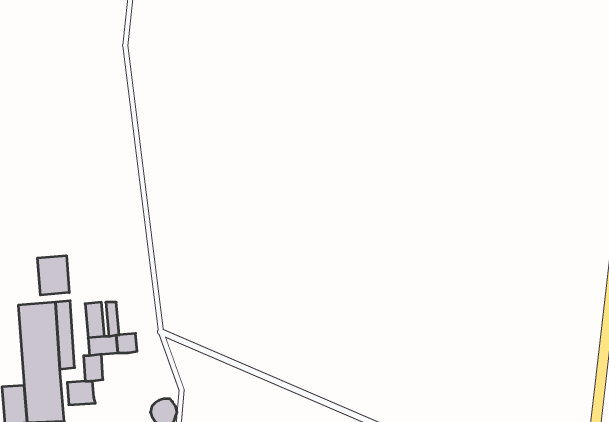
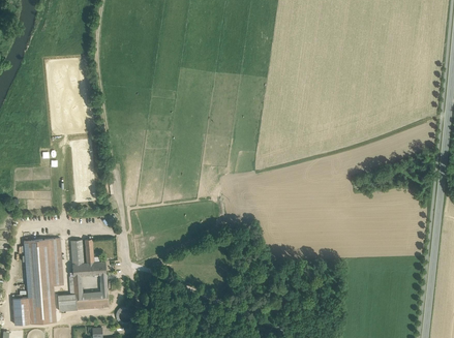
building: [38,256,69,295] -> none
building: none -> [74,291,109,309]

